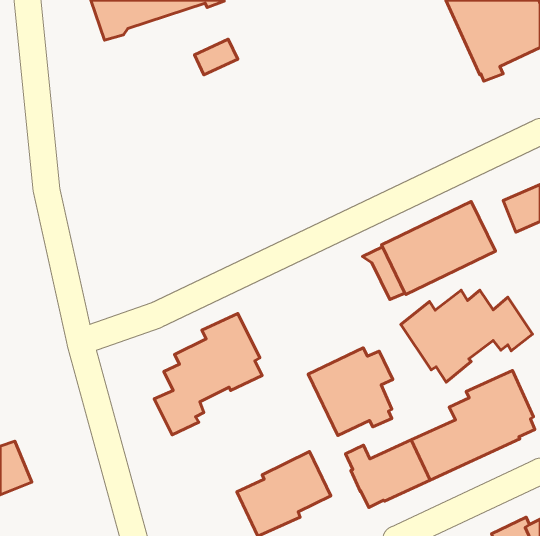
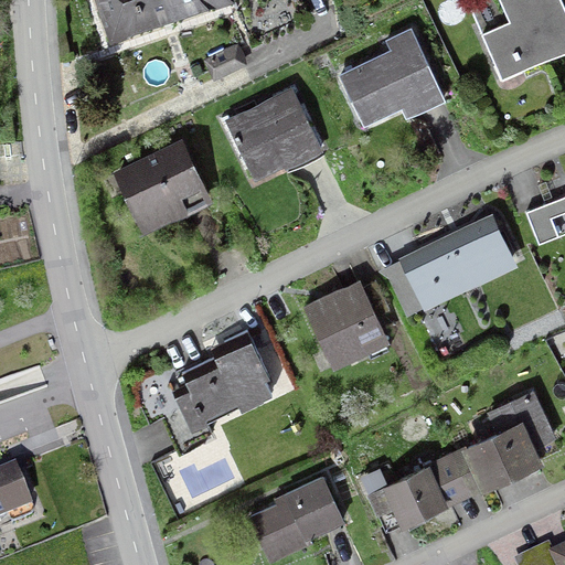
building: none -> [339,28,447,127]
building: none -> [224,88,323,191]
building: none -> [102,139,213,235]
building: [401,290,532,382] -> none
building: [308,348,393,435] -> [302,278,391,370]

